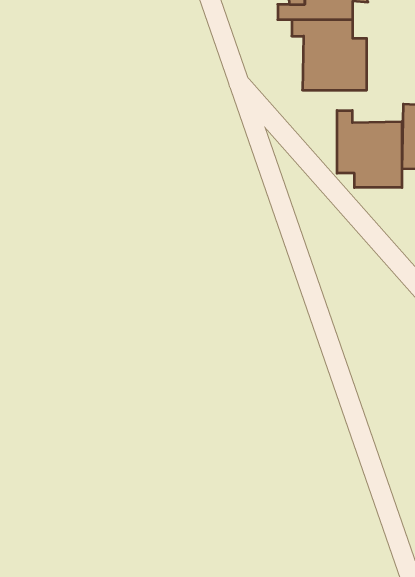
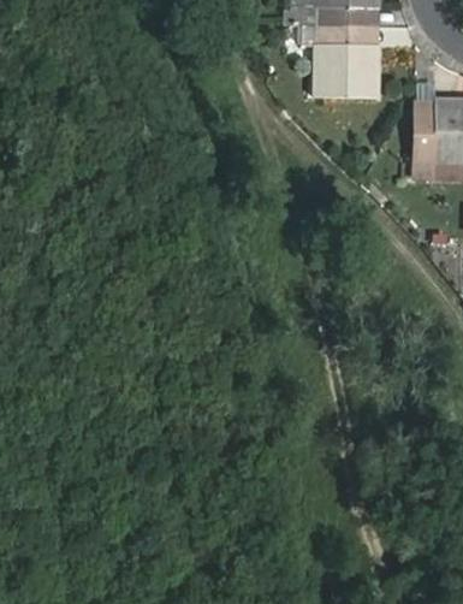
building: [337,110,402,188] -> none

